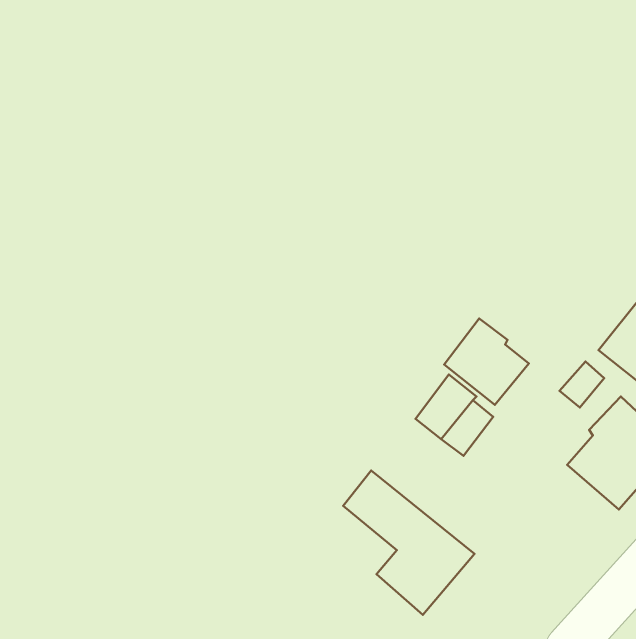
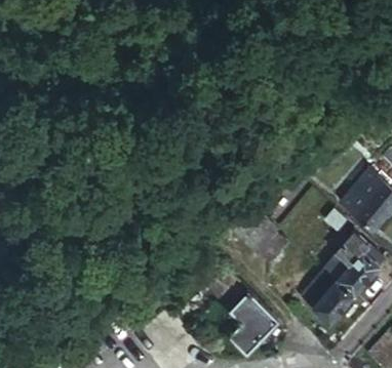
building: [444,319,529,405] -> none
building: none -> [303,270,356,322]

